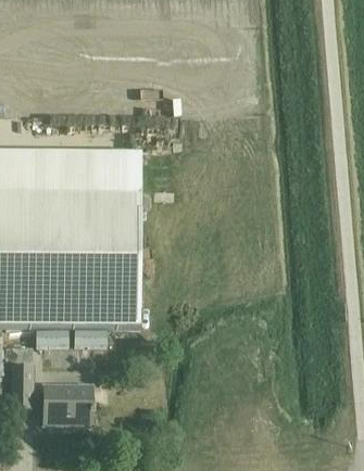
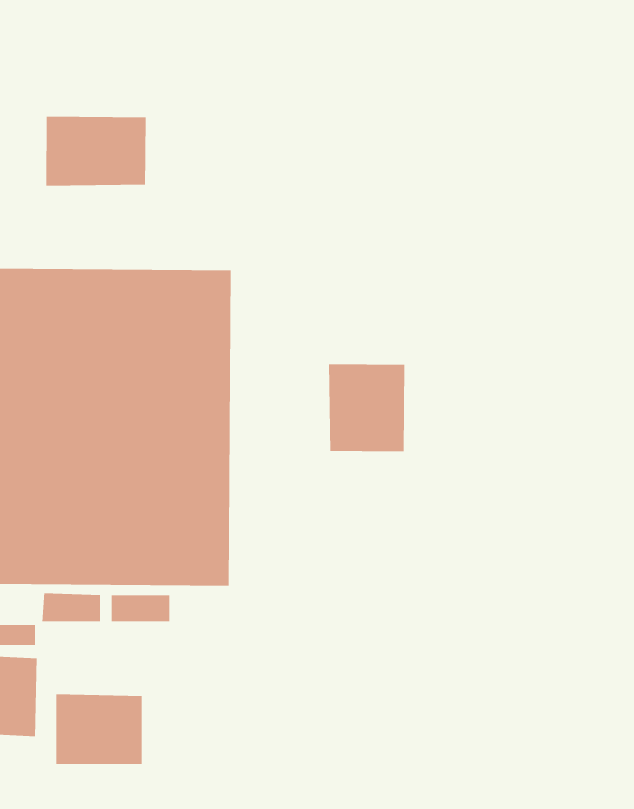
building: none -> [45,116,146,186]
building: none -> [328,364,405,452]

